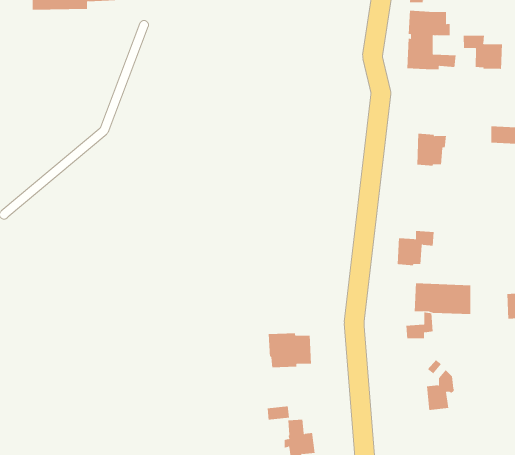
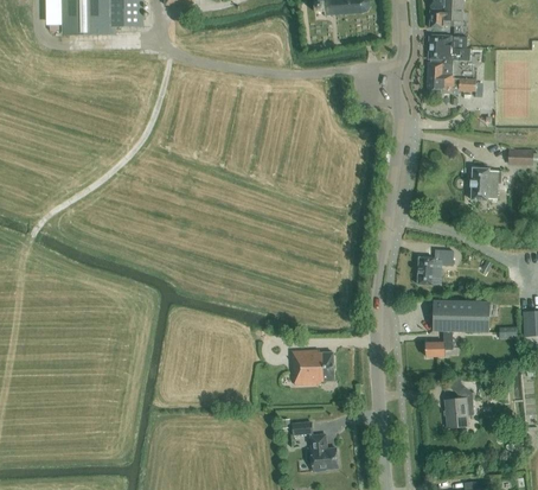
building: [463,35,502,71] -> none
building: [416,133,447,166] -> [472,167,501,199]

